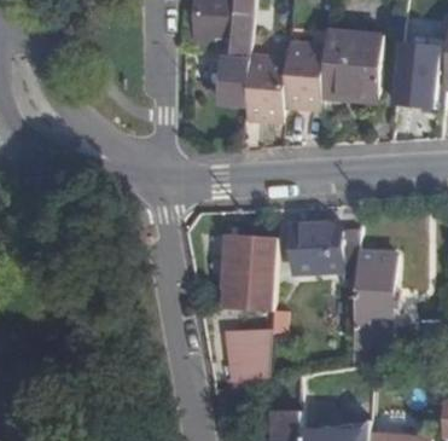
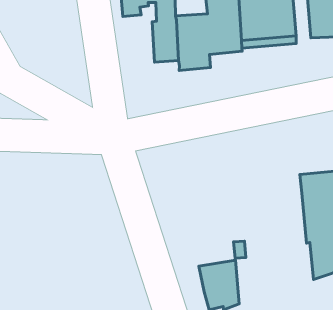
building: [289,221,357,273] -> none
building: [225,236,275,308] -> none

